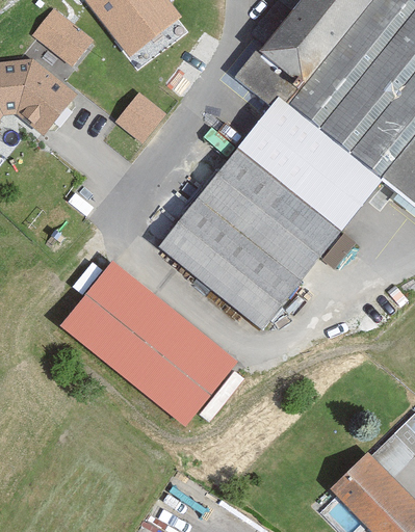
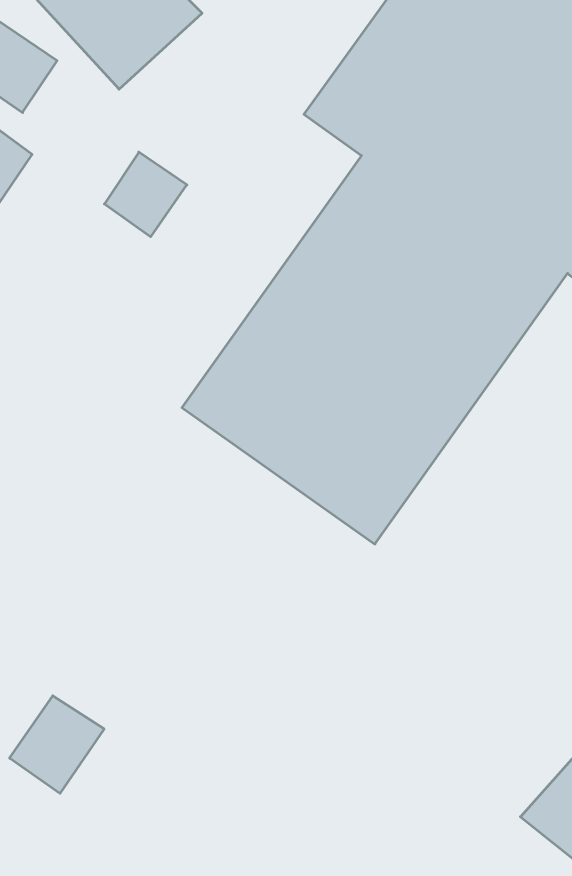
building: [69,263,250,428] -> none
building: none -> [10,696,104,793]

